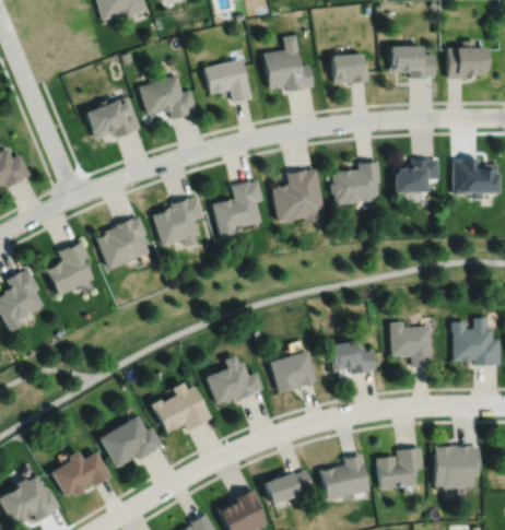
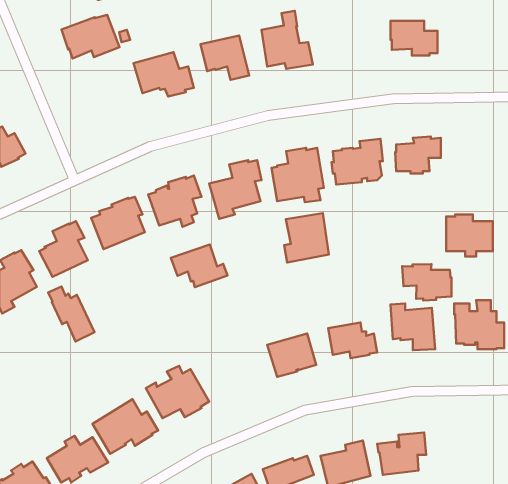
building: [448,39,488,78] -> none
building: [330,51,368,83] -> none
building: [82,96,139,139] -> [61,15,119,58]
building: [453,157,498,199] -> [446,214,493,257]
building: none -> [284,213,329,262]
building: none -> [171,245,227,287]
building: none -> [402,264,452,301]
building: none -> [48,286,95,341]
building: [204,355,262,405] -> none
building: [434,446,479,490] -> none

